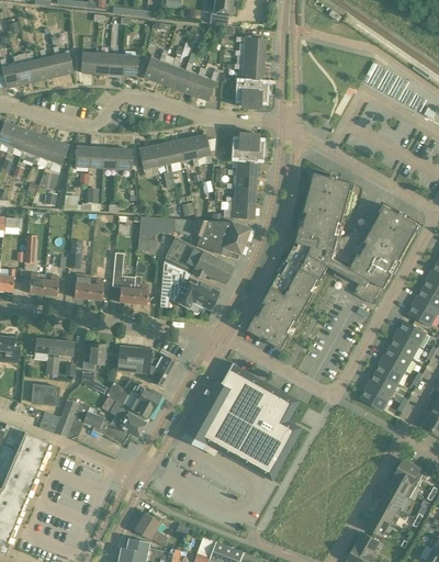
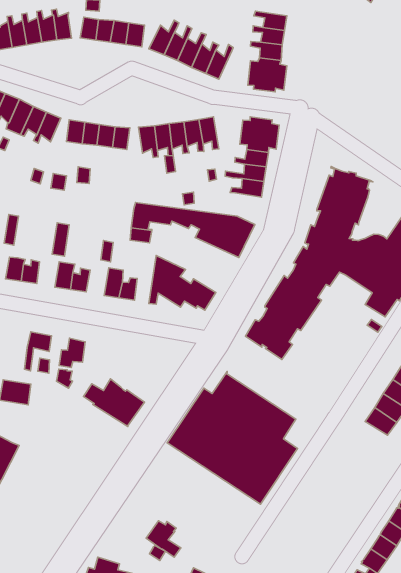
building: [223,201,254,218] -> none
building: [162,237,233,283] -> none
building: [33,337,55,373] -> none
building: [116,346,178,386] -> none
building: [40,398,148,445] -> none
building: [136,513,168,544] -> [146,521,181,557]

